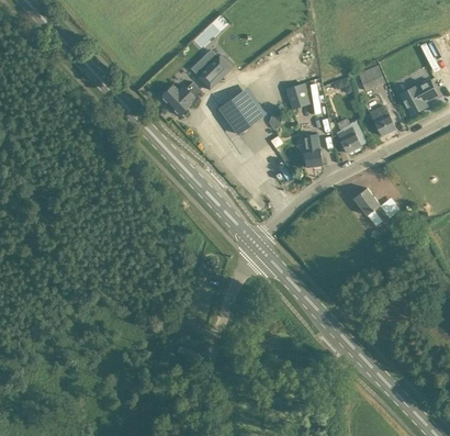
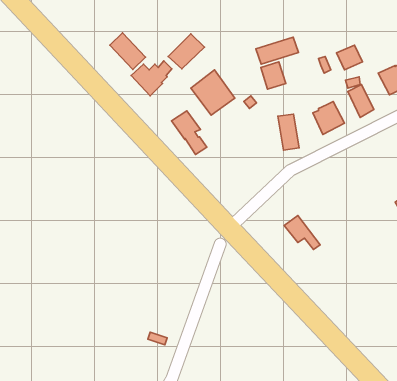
building: none -> [110,33,145,69]
building: none -> [256,37,298,64]
building: none -> [171,111,207,155]
building: [353,188,389,221] -> [284,215,320,249]

